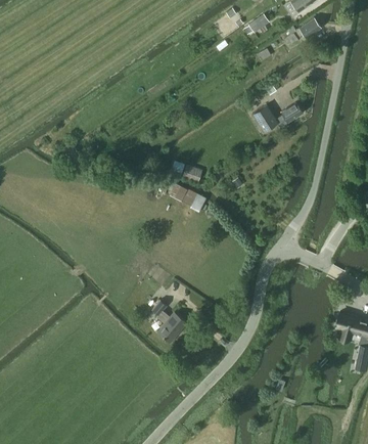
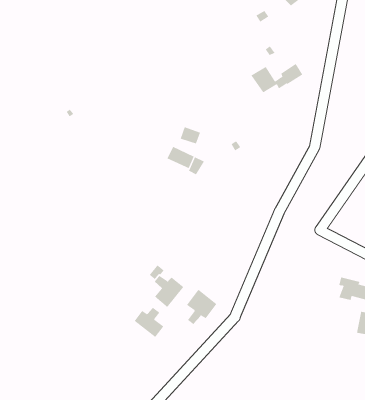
building: none -> [186,289,217,325]
building: none -> [134,307,164,338]

